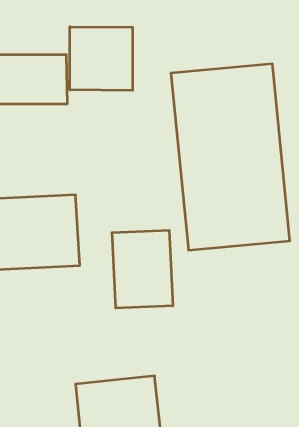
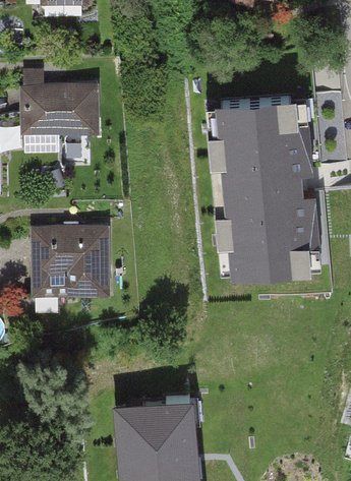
building: [70,27,133,90] -> none
building: [112,230,173,308] -> none

